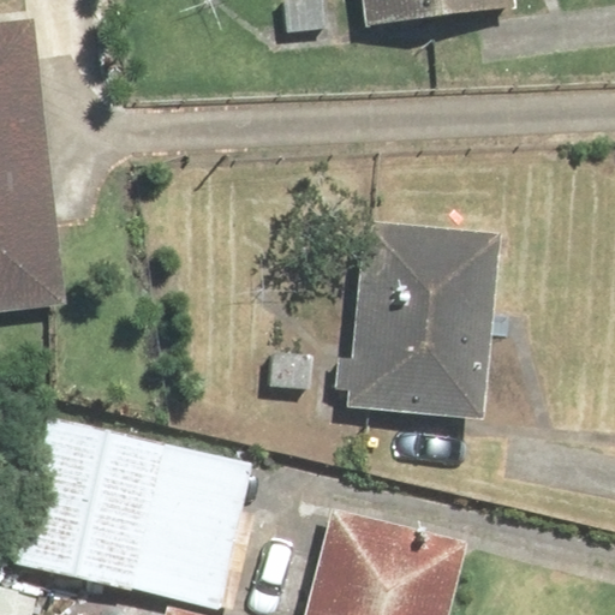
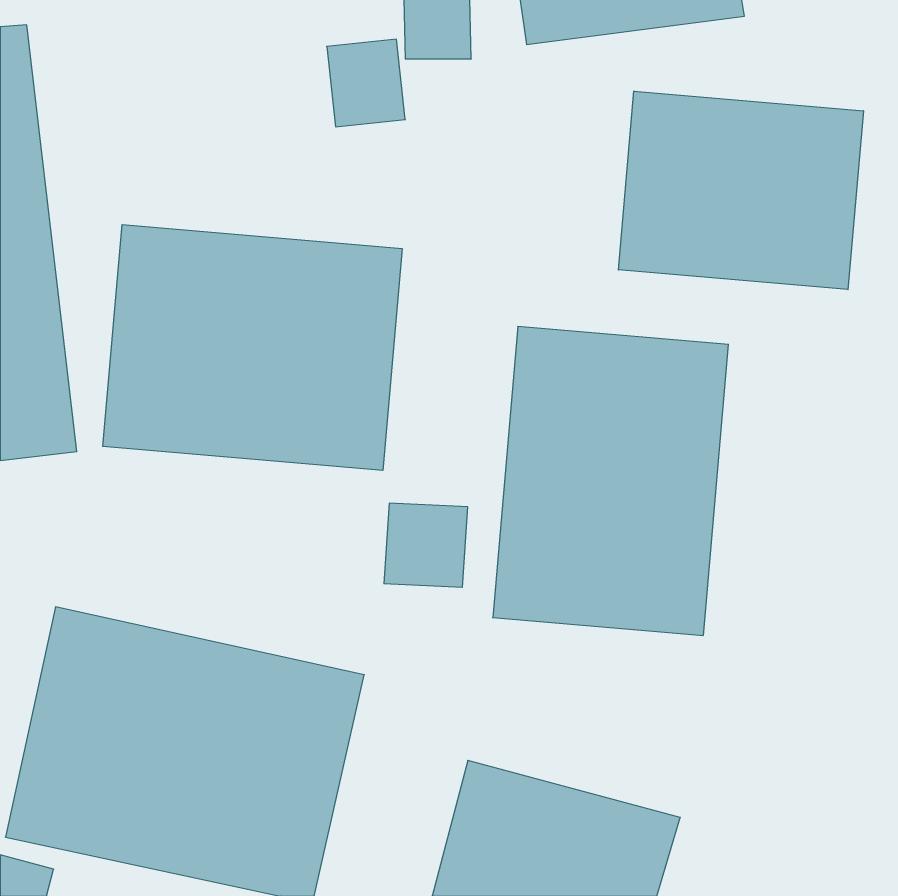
building: none -> [618,91,863,290]
building: none -> [103,225,402,470]

